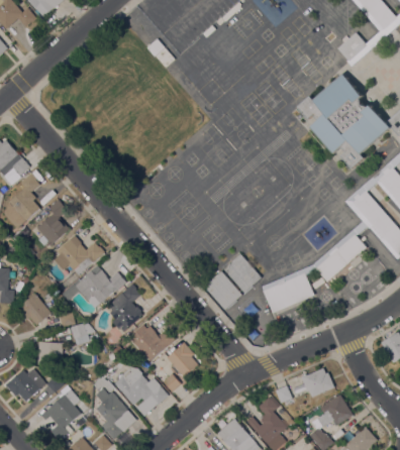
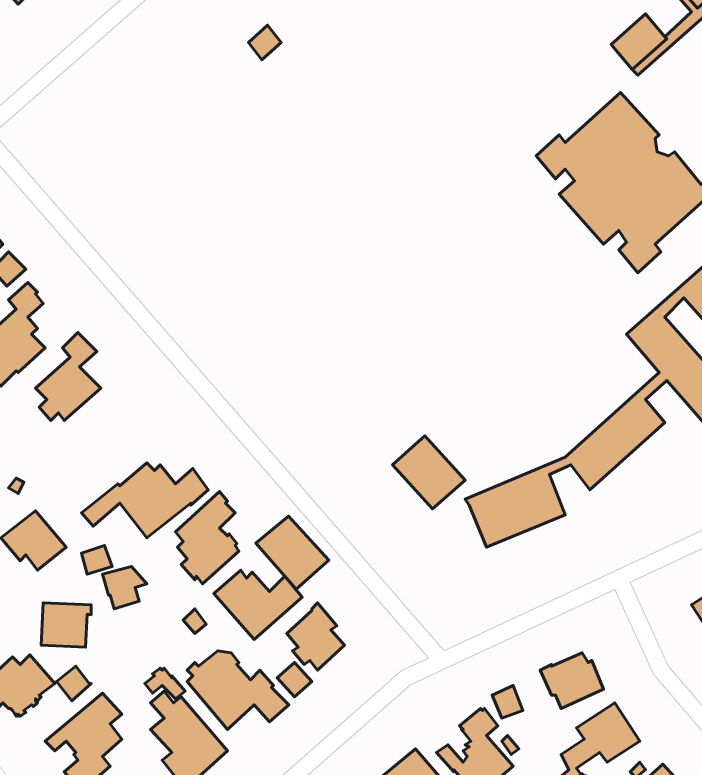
building: [55,235,105,275] -> none
building: [204,271,242,310] -> [256,516,329,589]

